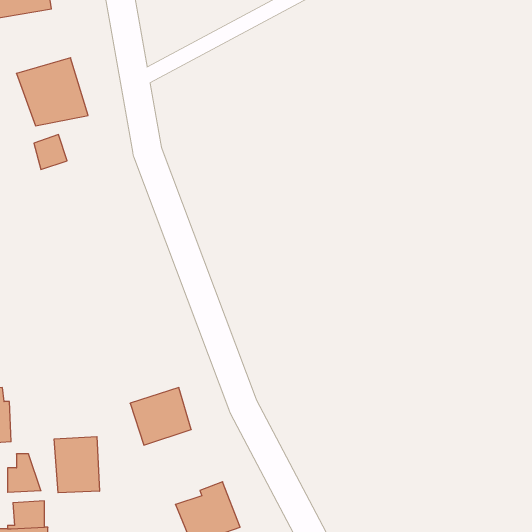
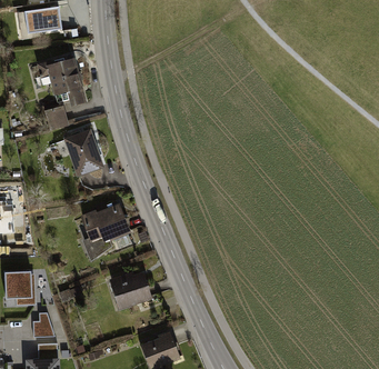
building: none -> [63,127,102,172]
building: none -> [83,202,129,258]
building: [54,437,99,493] -> none

